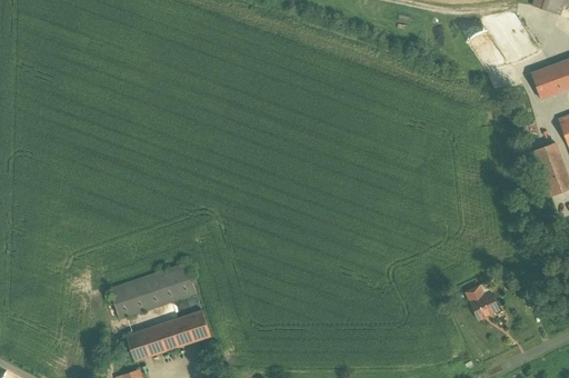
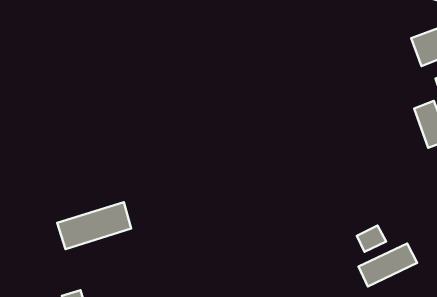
building: [124,310,211,362] -> none
building: none -> [359,243,417,286]

